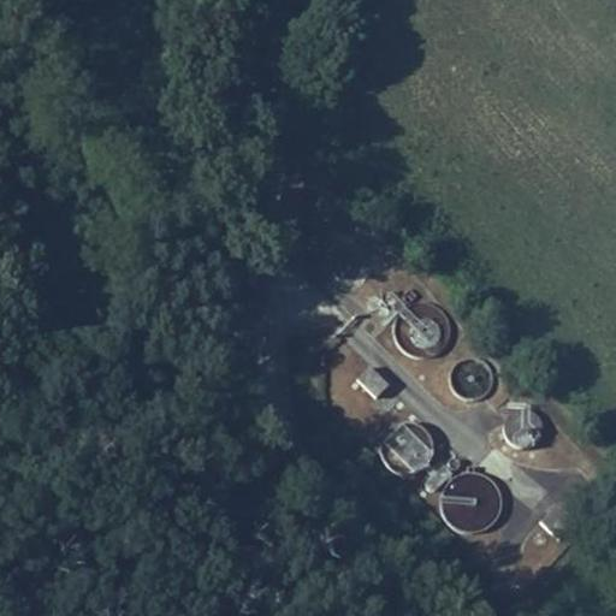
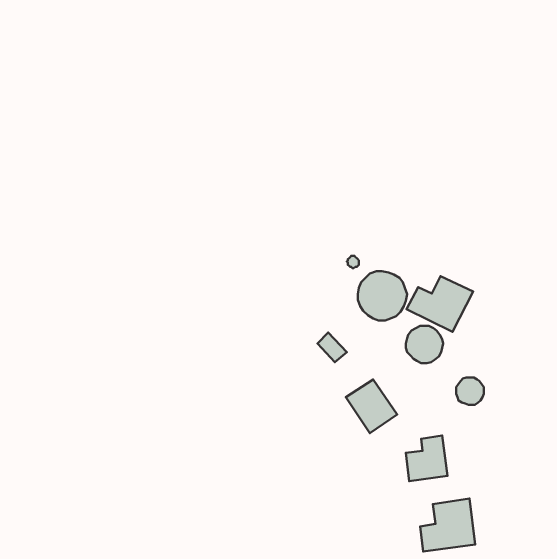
building: none -> [407,276,473,332]
building: none -> [420,498,475,552]

